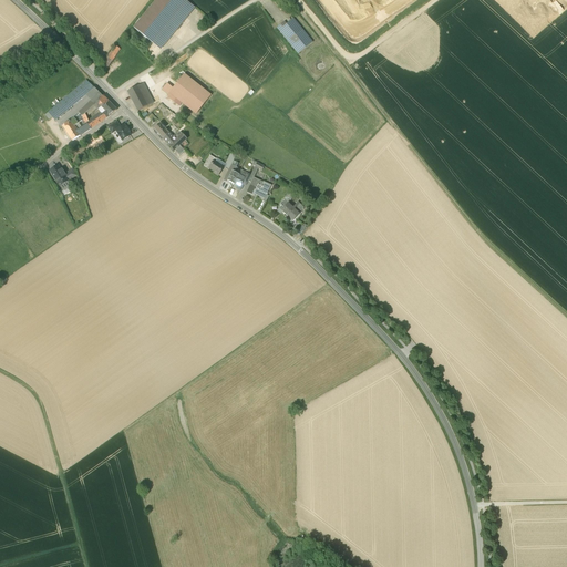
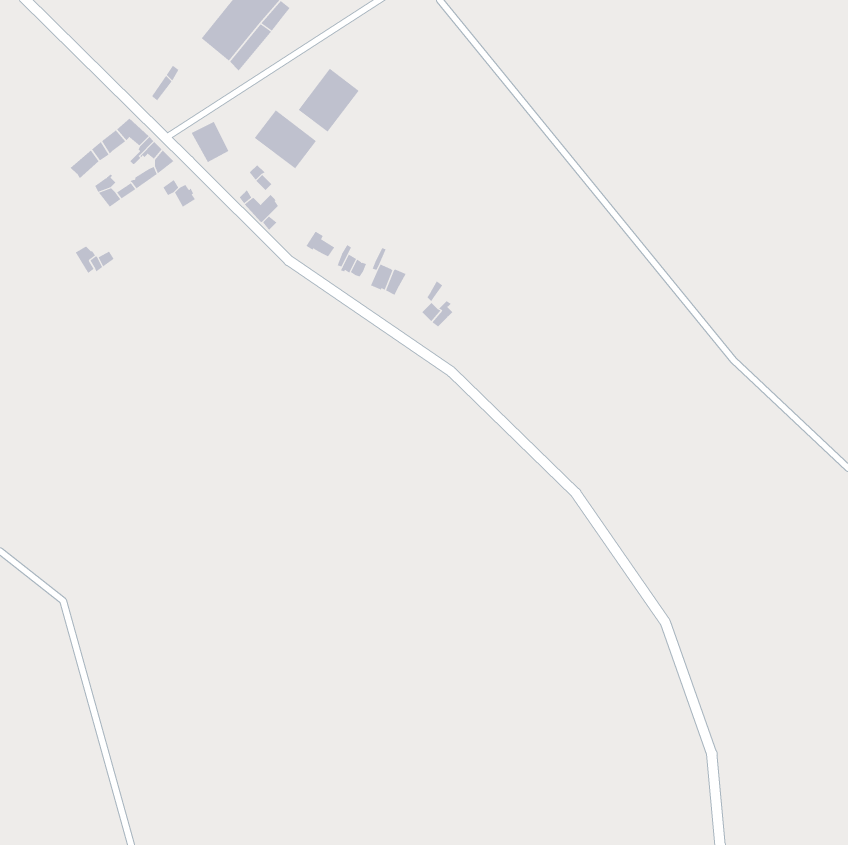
building: [279,17,312,52] -> none
building: none -> [298,68,360,133]

